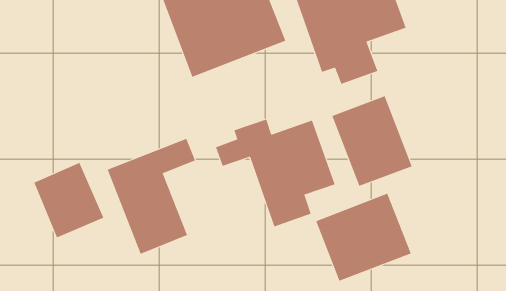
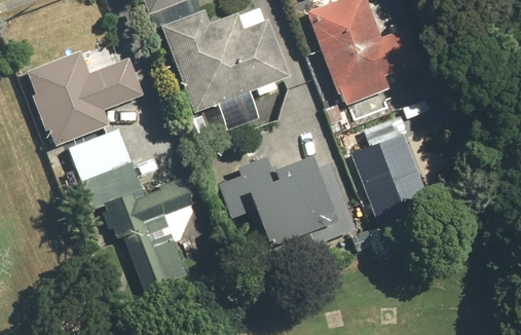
building: none -> [27,50,148,148]
building: [33,162,104,238] -> [70,129,142,207]
building: [315,193,412,282] -> none

